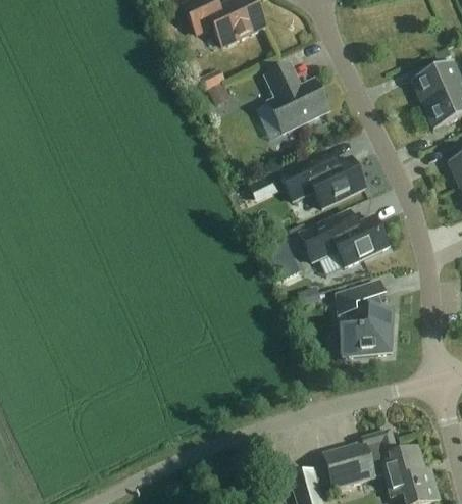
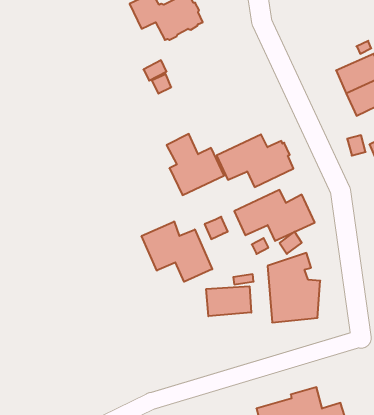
building: [266,64,329,132] -> [167,134,224,195]
building: none -> [142,221,212,282]
building: none -> [206,286,251,316]

